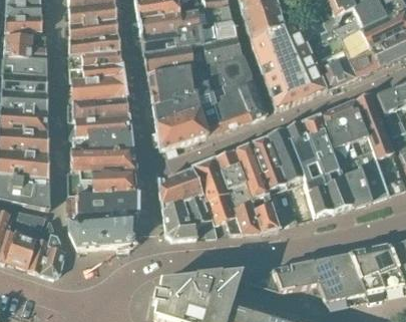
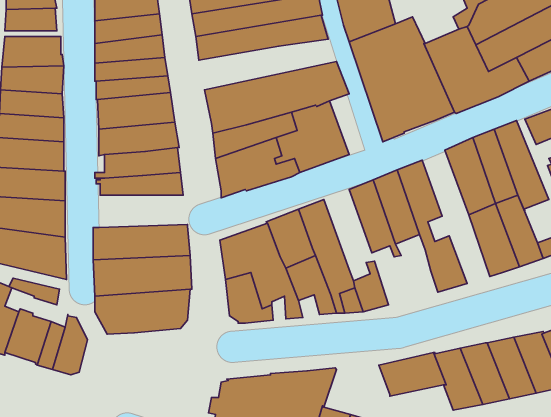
building: [143,35,242,71] -> none
building: [237,74,267,117] -> none
building: [303,114,351,210] -> none
building: [233,142,269,200] -> none
building: [70,146,135,170] -> none

